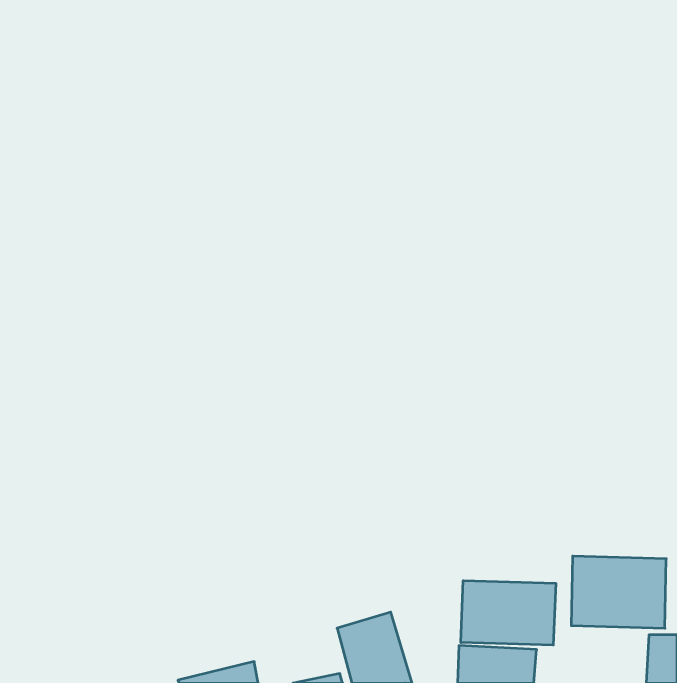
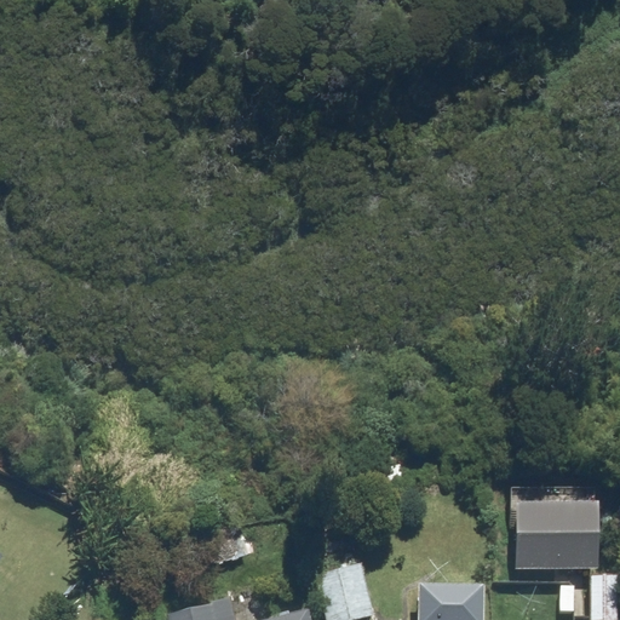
building: [461,581,556,645] -> none

